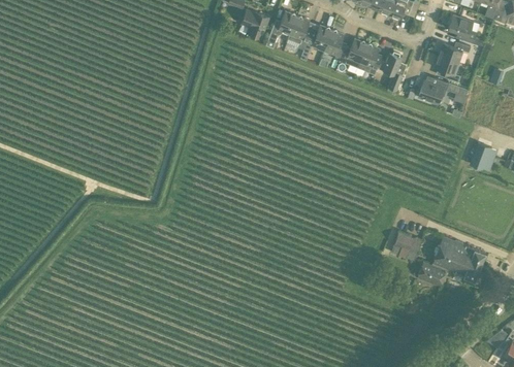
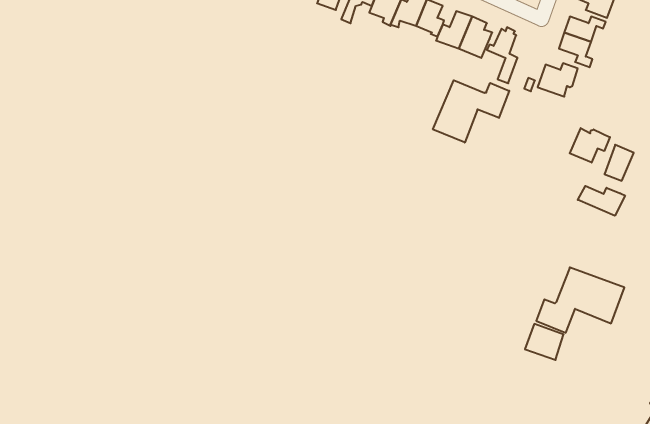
building: none -> [433,80,509,143]
building: none -> [570,128,610,163]
building: none -> [578,186,625,216]
building: [391,232,421,260] -> [525,324,564,360]

